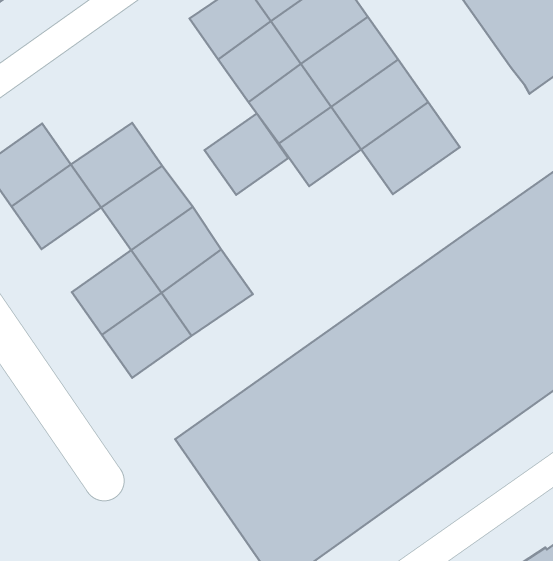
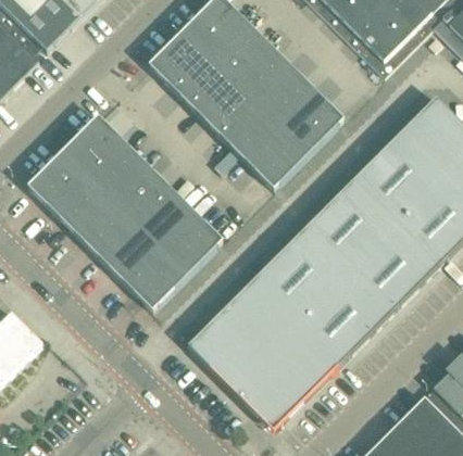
building: none -> [63,114,123,174]
building: [205,113,288,195] -> [248,130,304,187]
building: none -> [77,199,137,258]

